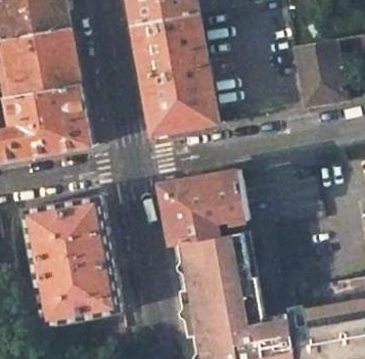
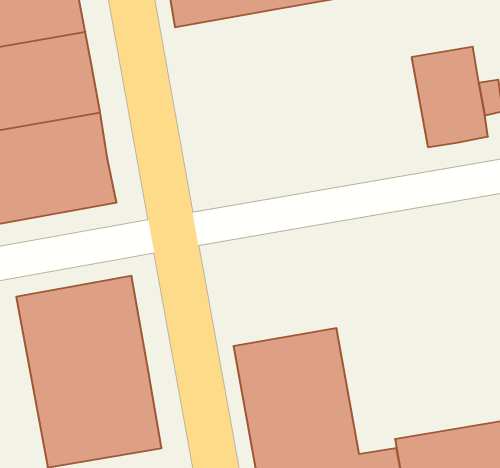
building: [130,14,221,136] -> none
building: [159,172,244,244] -> none

